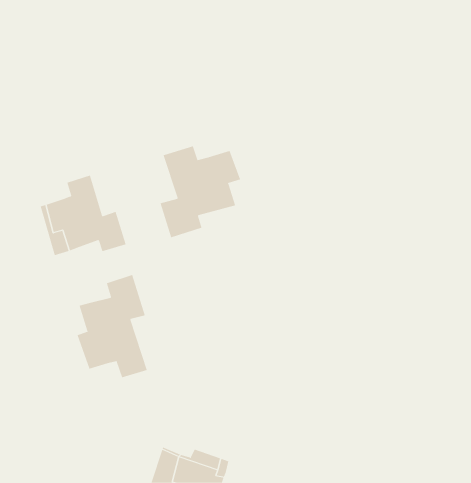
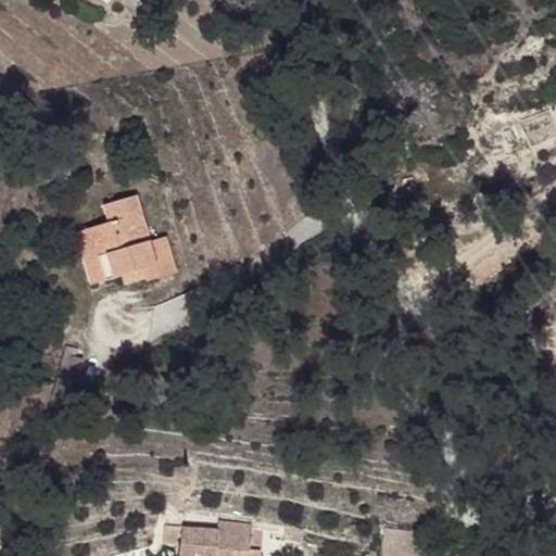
building: [160,146,241,238] -> none
building: [77,274,147,378] -> none

